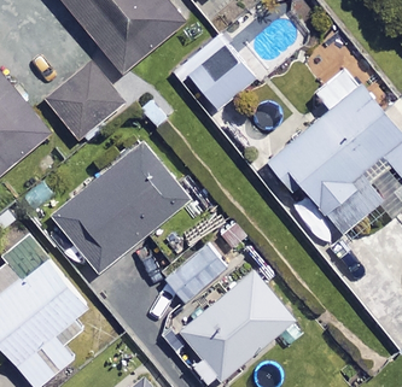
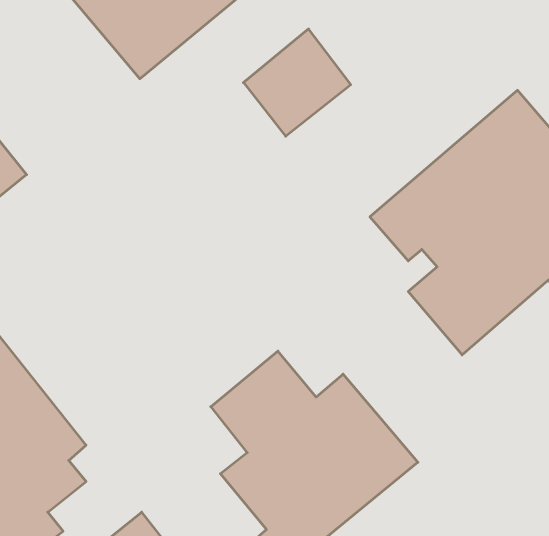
building: [46,64,126,142] -> none
building: [52,142,190,275] -> none

